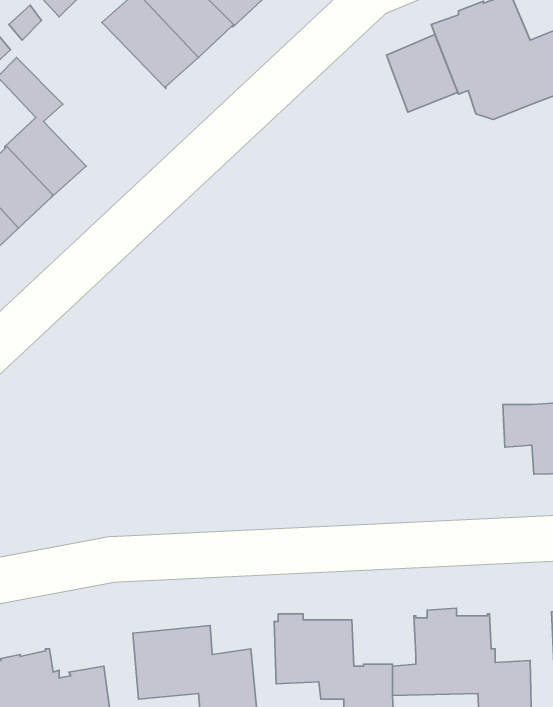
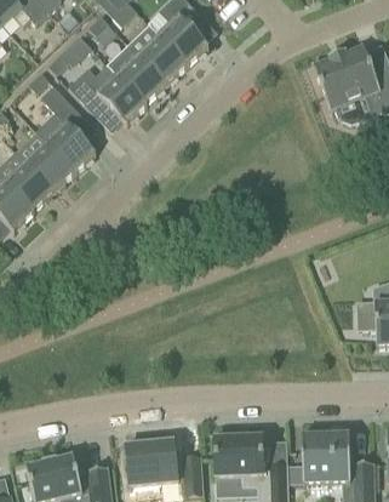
building: none -> [68,65,147,122]
building: [386,35,458,112] -> none

